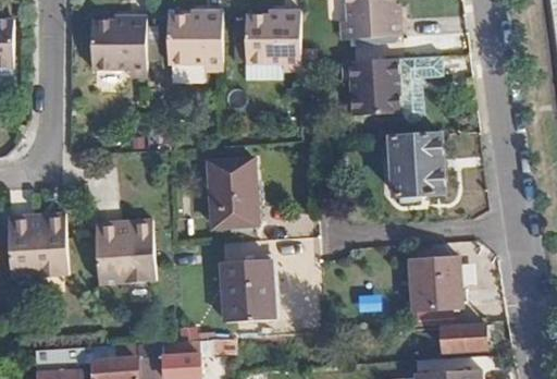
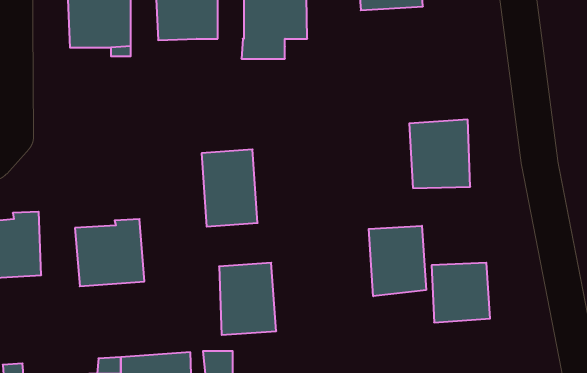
building: [346,53,440,120] -> none
building: none -> [369,226,426,296]
building: [441,323,485,350] -> none

